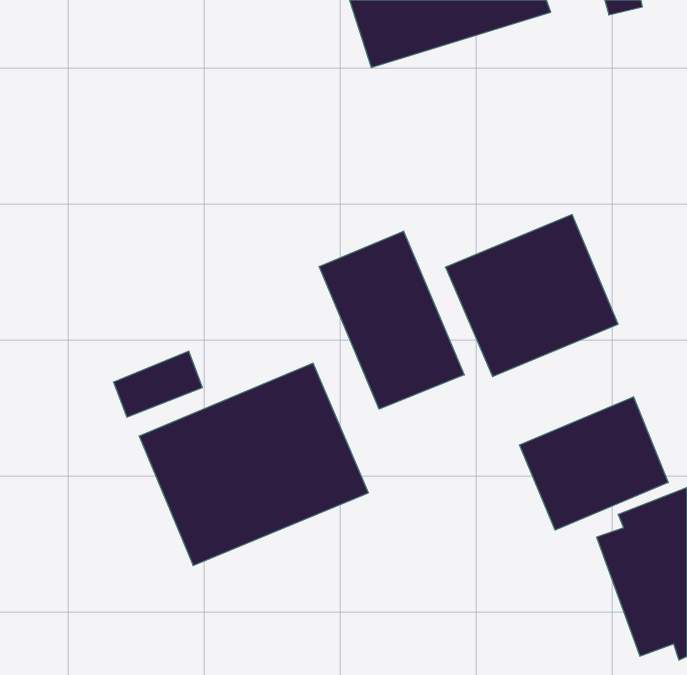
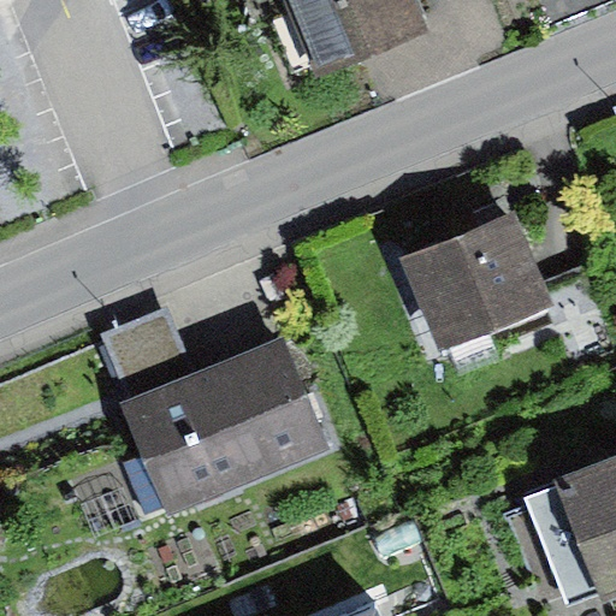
building: [319,231,464,409] -> none
building: [519,397,668,530] -> none

